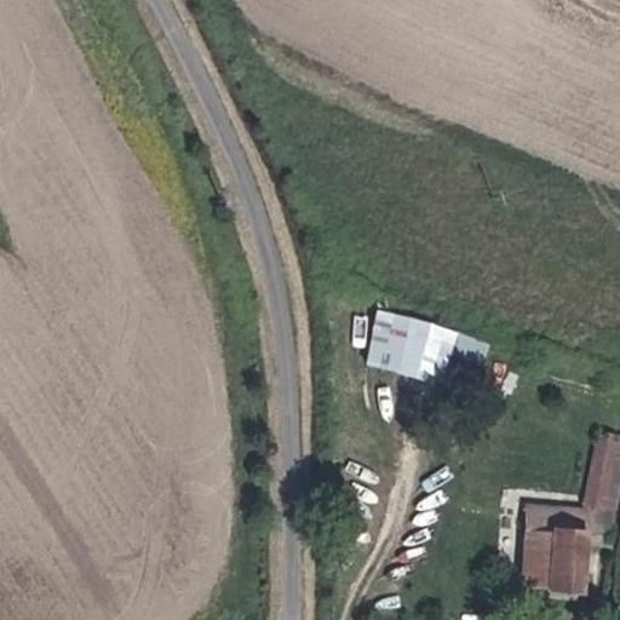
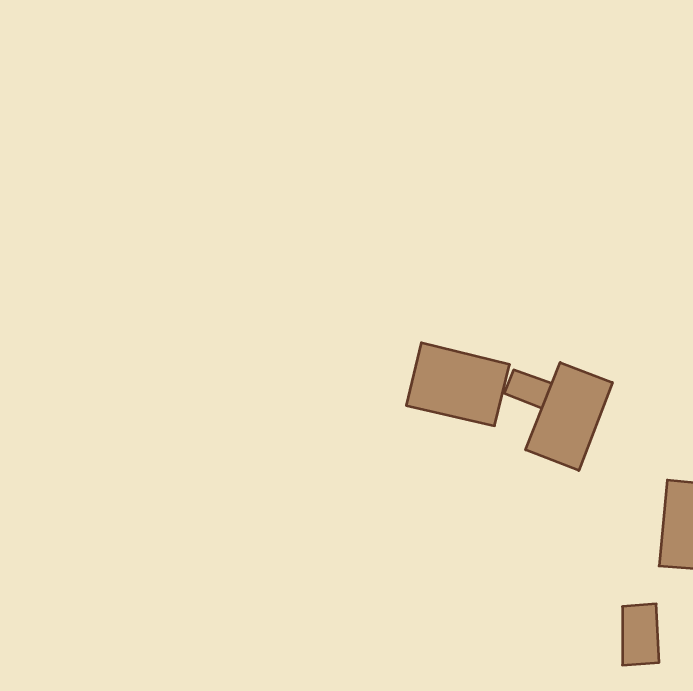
building: none -> [526,362,612,471]
building: [523,511,586,598] -> none

